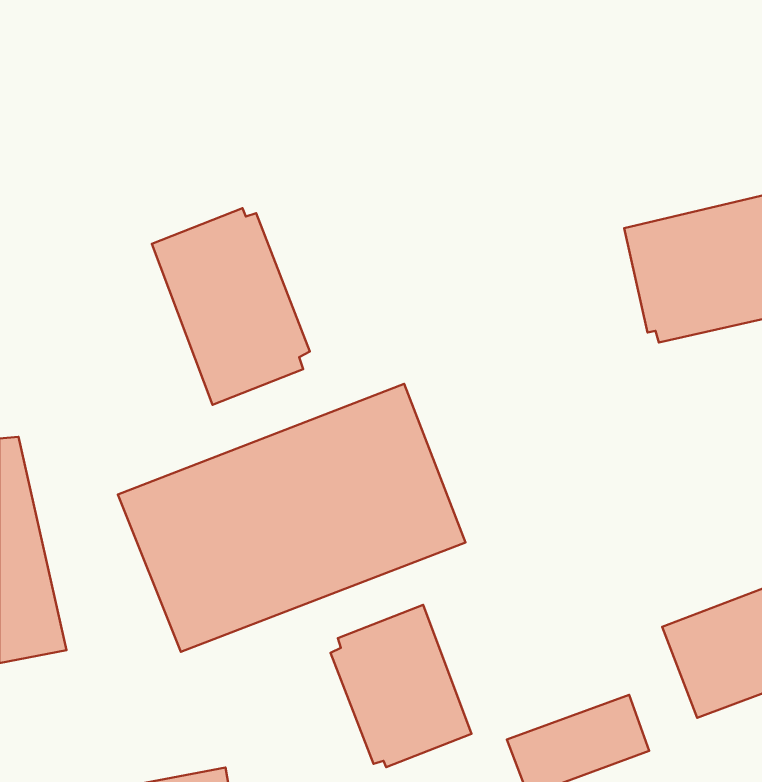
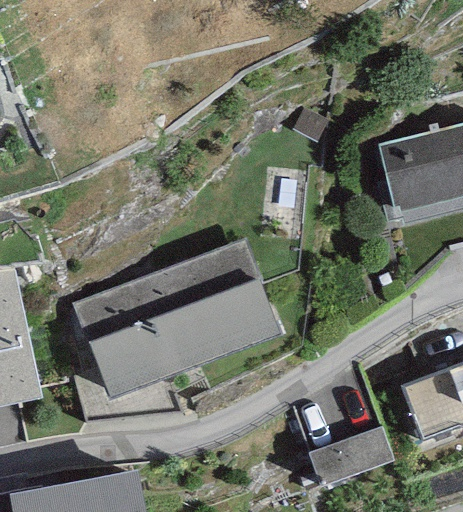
building: [152,208,310,405] -> none
building: [331,605,471,767] -> none

